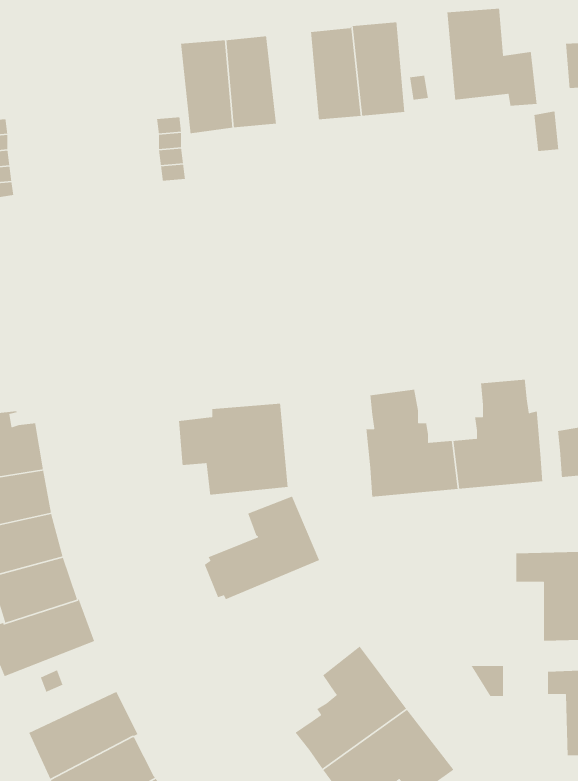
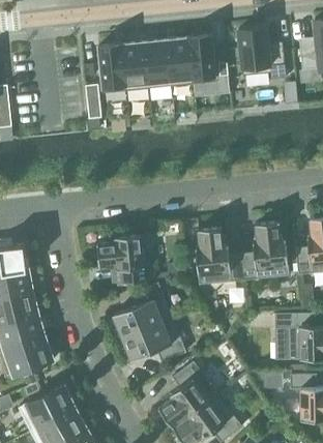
building: none -> [143,40,170,89]
building: none -> [121,318,184,362]

